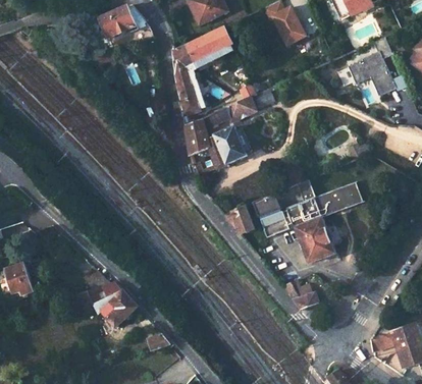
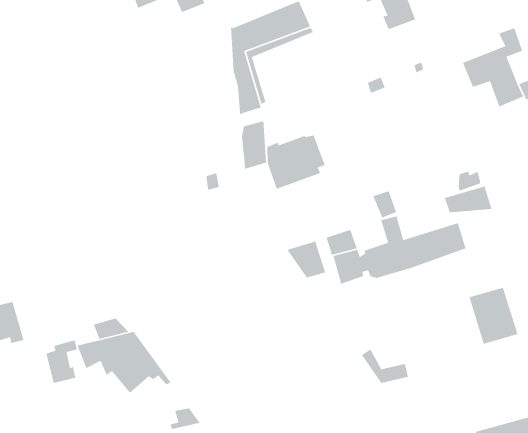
building: [202,89,275,131] -> none
building: none -> [444,185,492,213]
building: [293,221,331,265] -> [468,287,518,345]
building: none -> [46,339,78,384]

